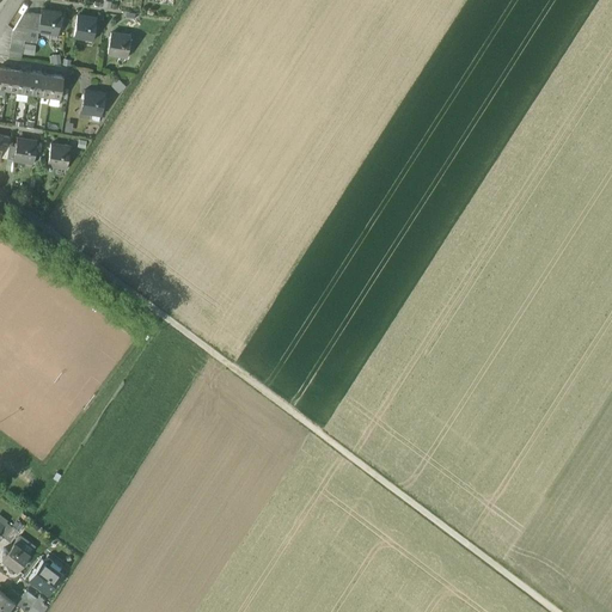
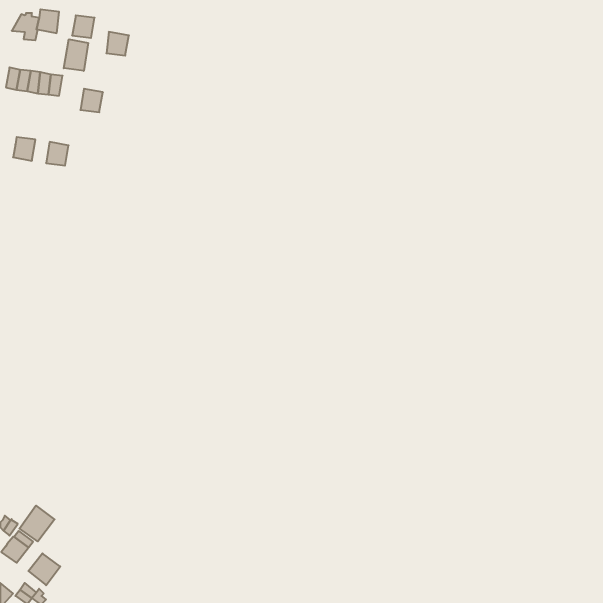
building: none -> [64,39,88,71]
building: none -> [19,506,55,541]

